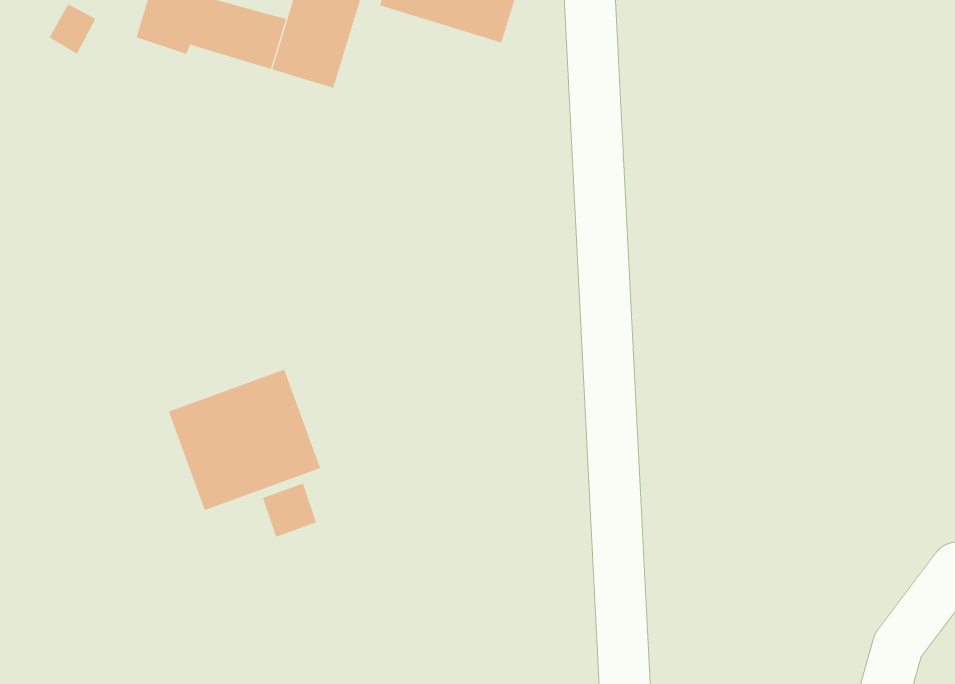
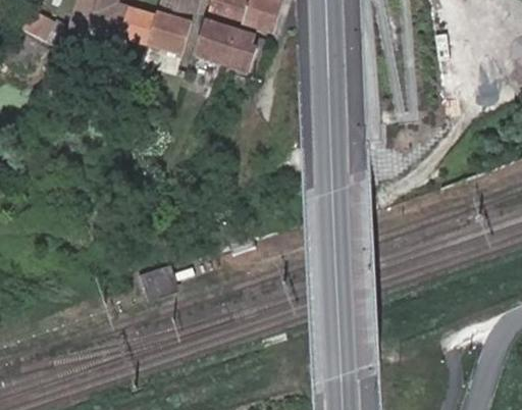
building: none -> [193,19,267,72]
building: [168,369,321,511] -> none

